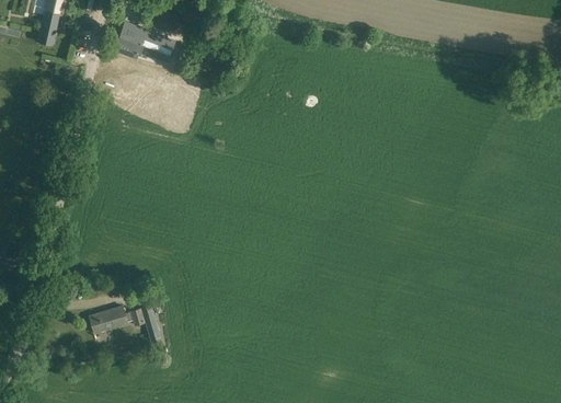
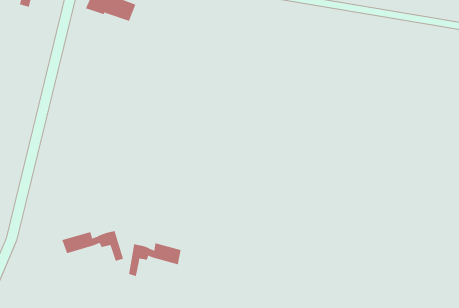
building: none -> [129,243,181,277]

